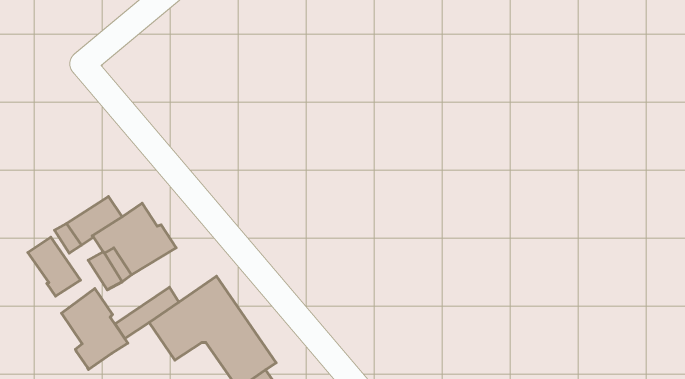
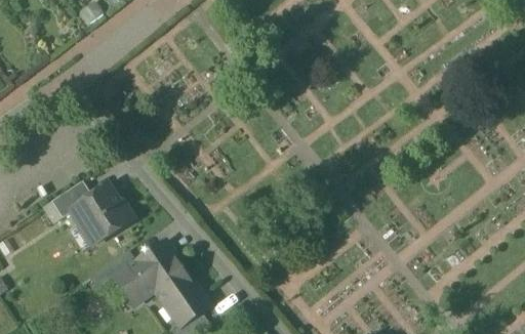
building: [28,237,80,296] -> none
building: [62,289,128,370] -> none

